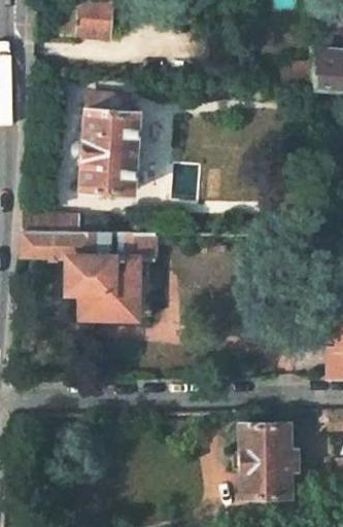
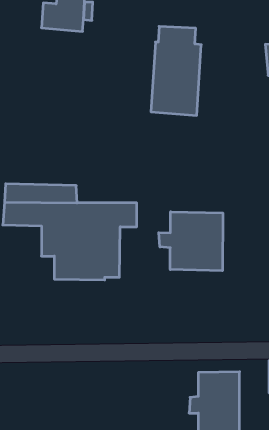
building: [79,92,136,191] -> [151,26,201,115]
building: none -> [159,212,223,271]

